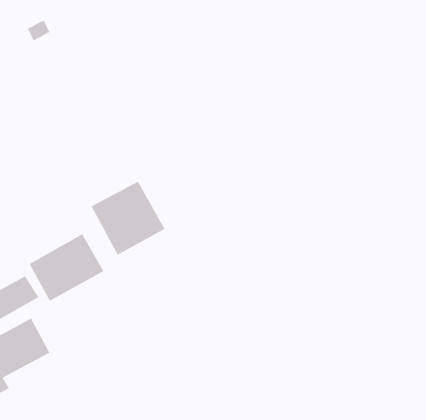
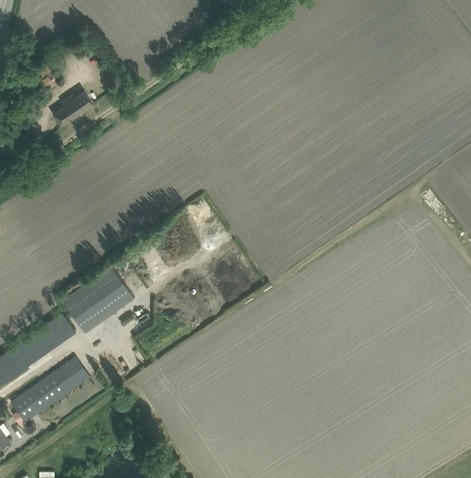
building: none -> [49,91,92,128]
building: [91,181,165,255] -> none

